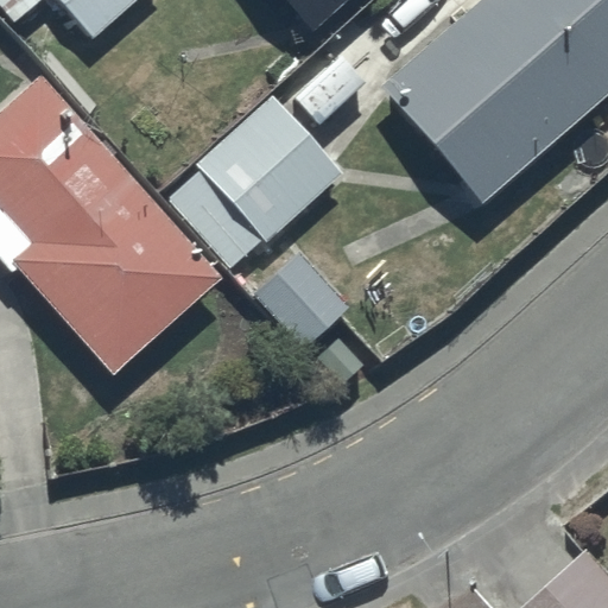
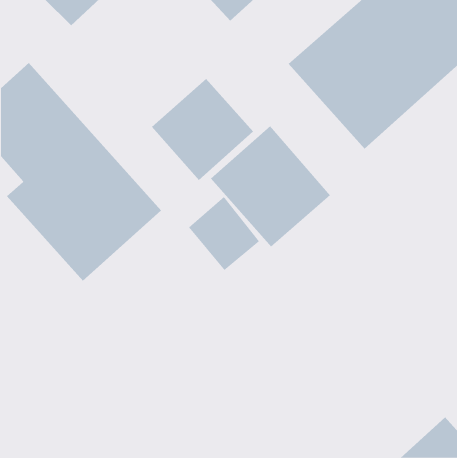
building: none -> [210,126,331,247]

